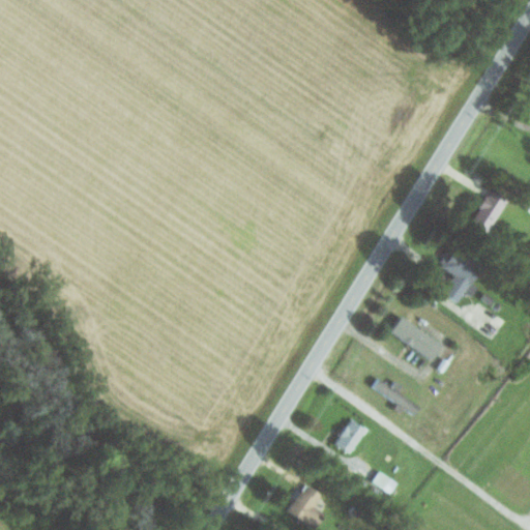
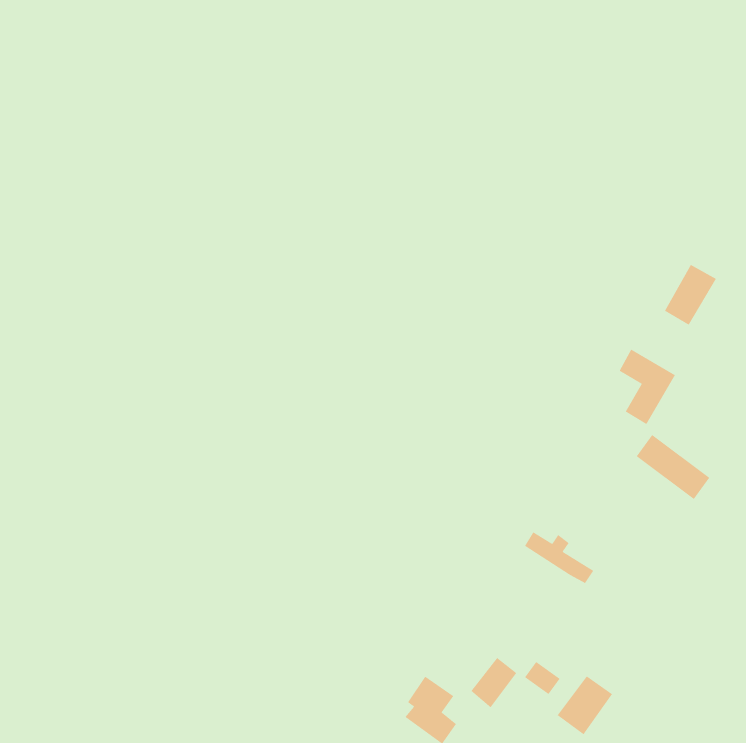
building: [390,316,443,362] -> [636,434,710,500]
building: [334,419,367,455] -> [471,657,517,708]
building: none -> [557,675,613,735]

